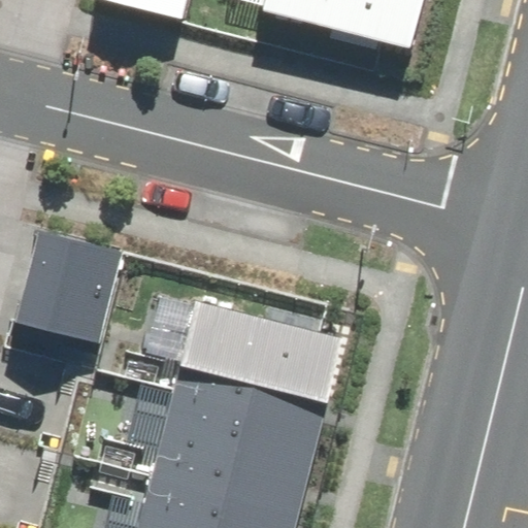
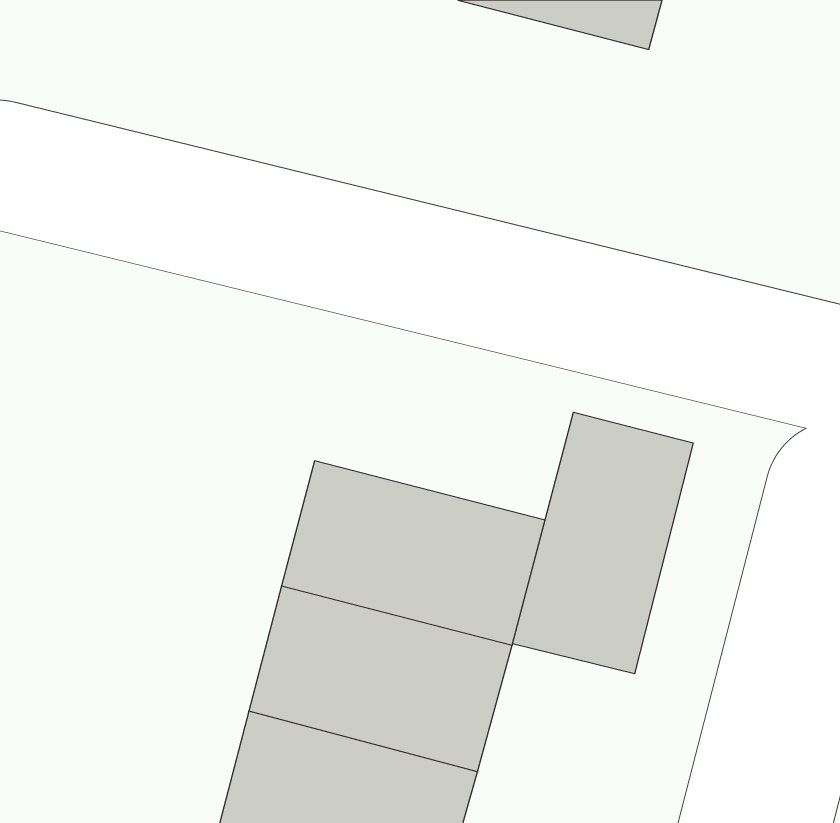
building: [19,241,113,337] -> none
building: none -> [513,412,693,674]

